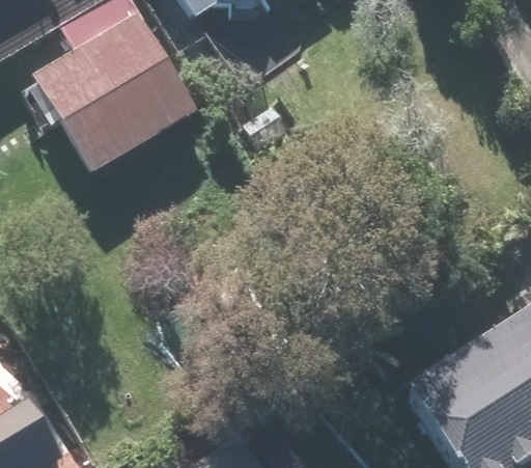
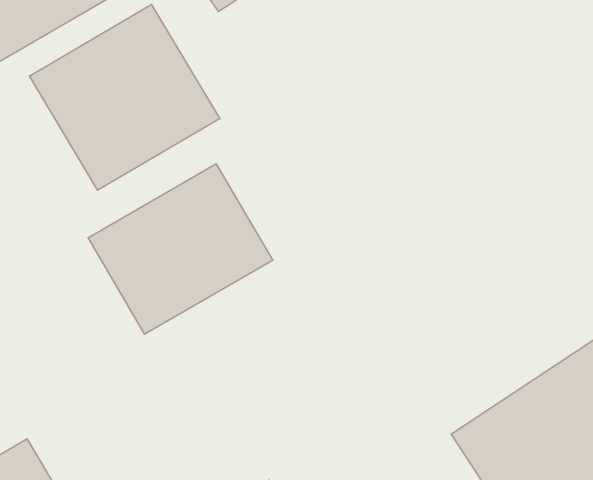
building: none -> [88,164,273,334]

